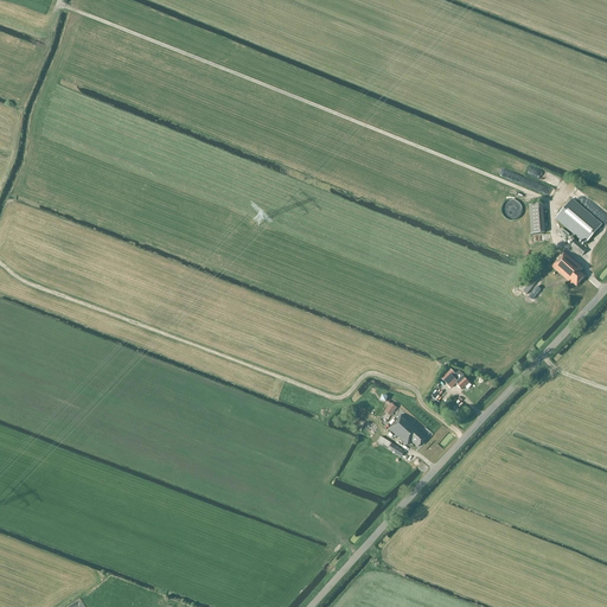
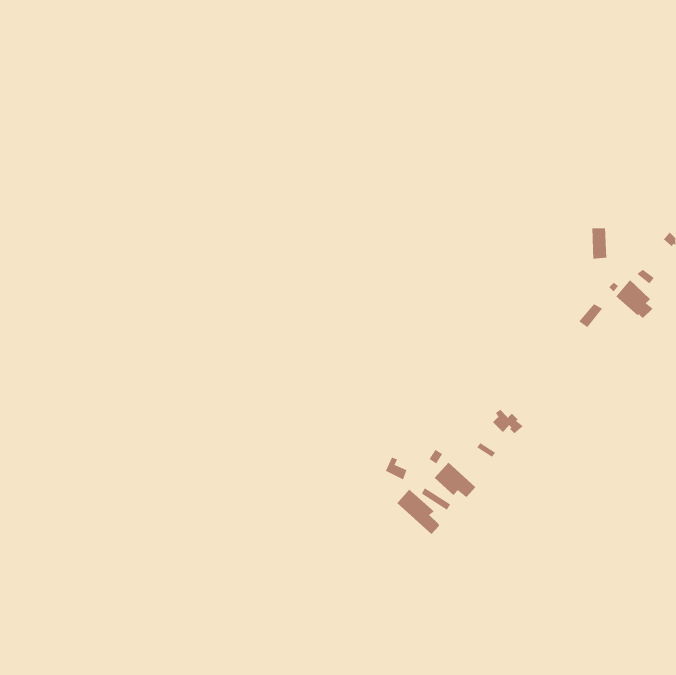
building: [555,198,601,243] -> none
building: none -> [397,489,440,535]

